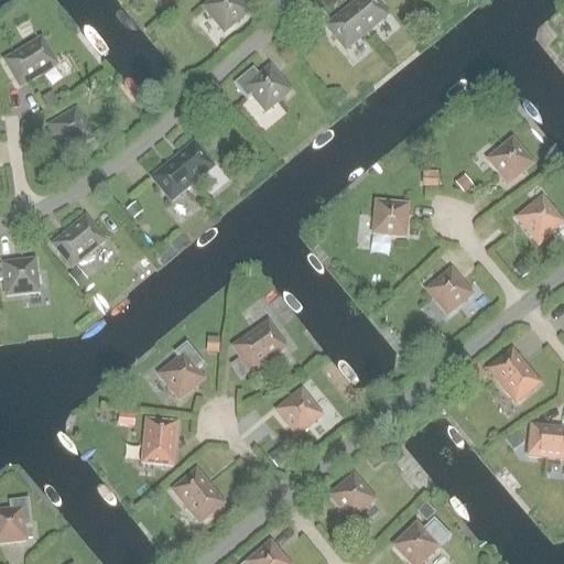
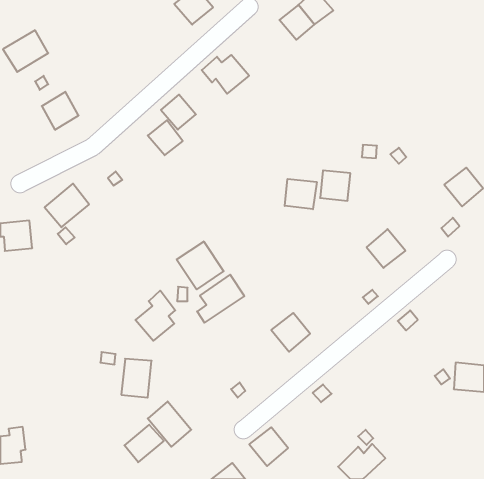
building: [487,135,532,181] -> none
building: [151,158,192,198] -> [161,95,196,130]
building: none -> [285,179,317,209]
building: none -> [177,241,224,289]
building: [488,347,539,400] -> none
building: [275,388,321,433] -> [271,313,310,352]
building: [328,473,373,518] -> [249,427,288,466]
building: none -> [124,425,164,462]

